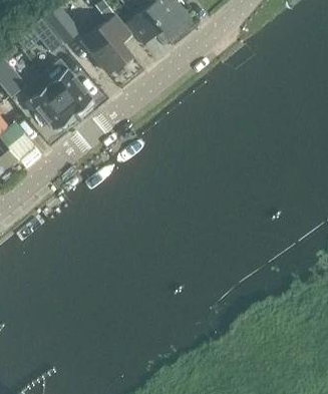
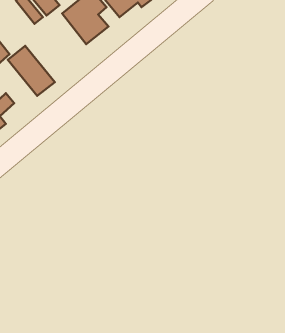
building: [41,60,92,115] -> none

